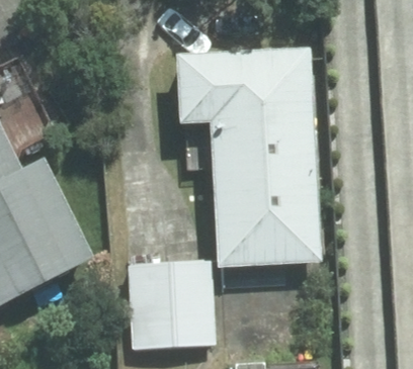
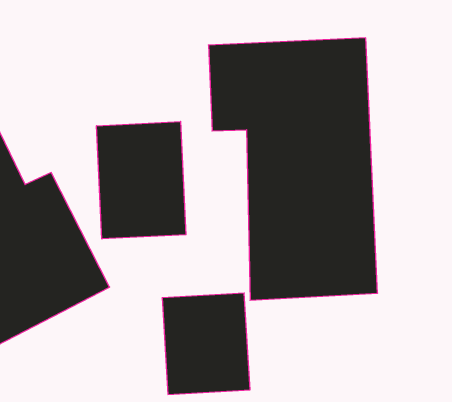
building: none -> [97,121,186,239]

